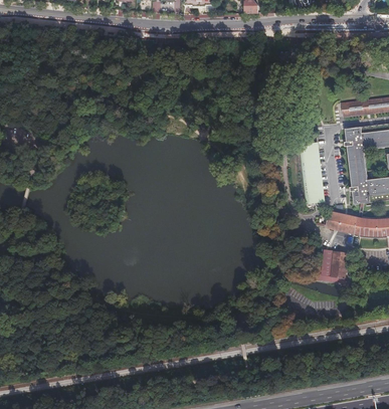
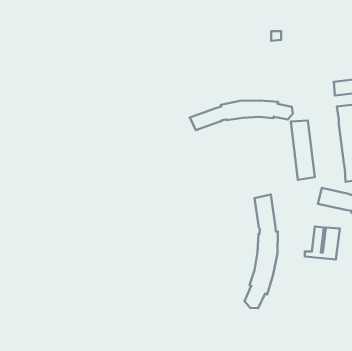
building: none -> [190,100,293,130]
building: none -> [245,195,278,308]

